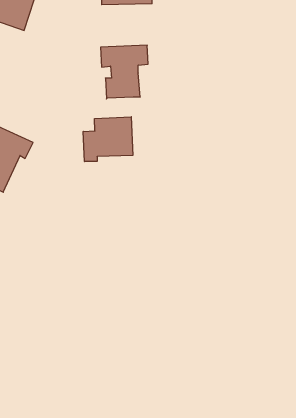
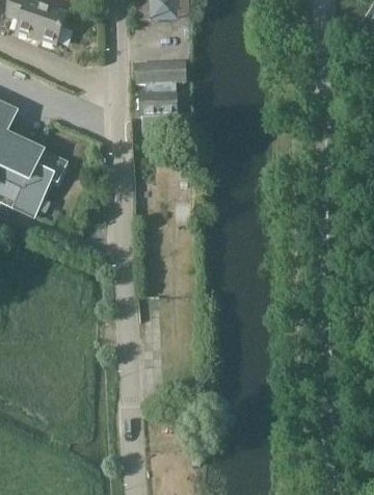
building: [83,117,133,162] -> none

